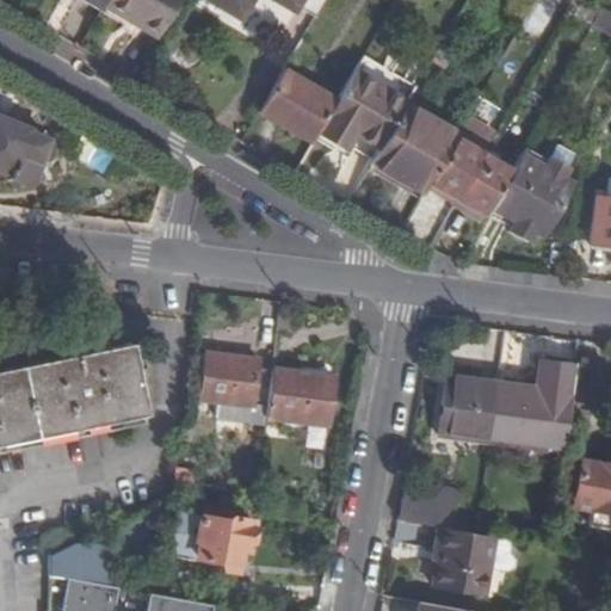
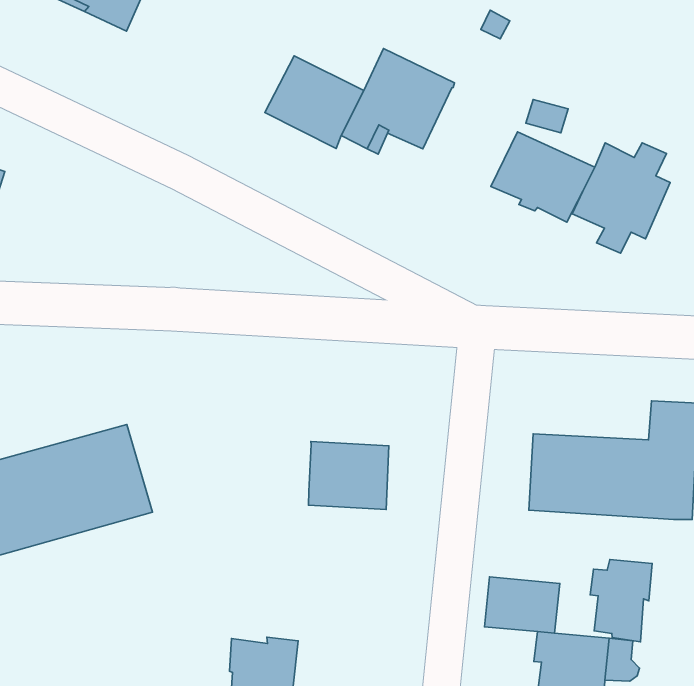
building: [374,104,459,192] -> none
building: [202,351,276,421] -> none
building: none -> [590,560,652,642]

